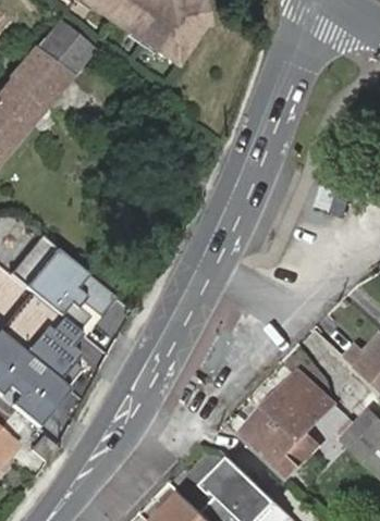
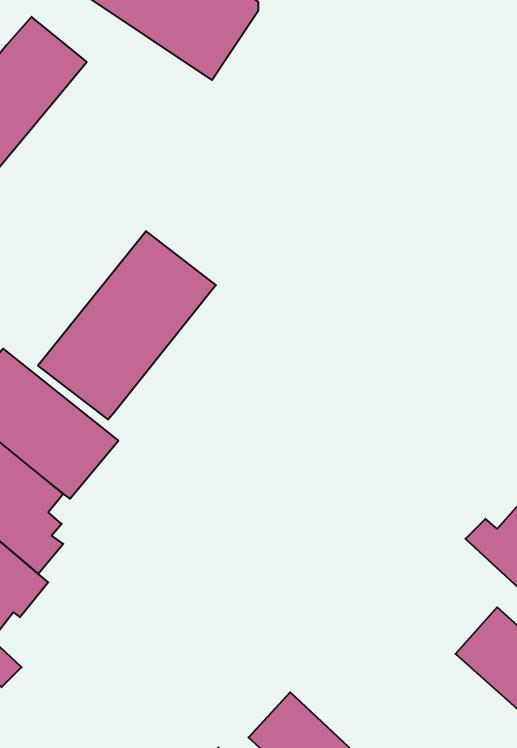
building: none -> [38,231,216,420]
building: [237,372,333,479] -> none

